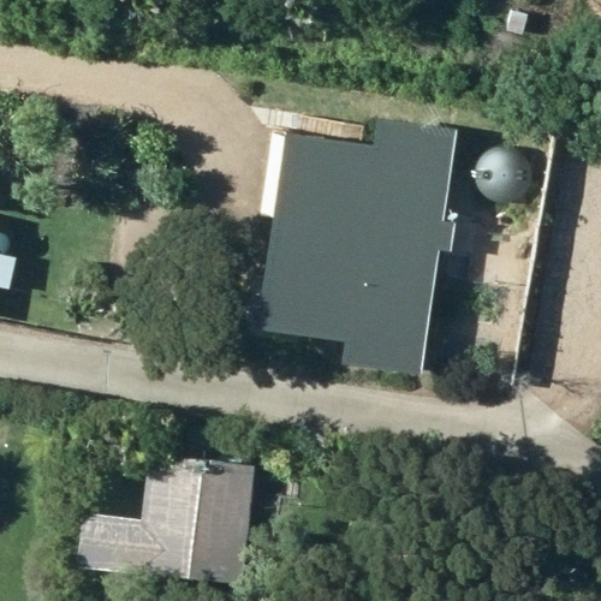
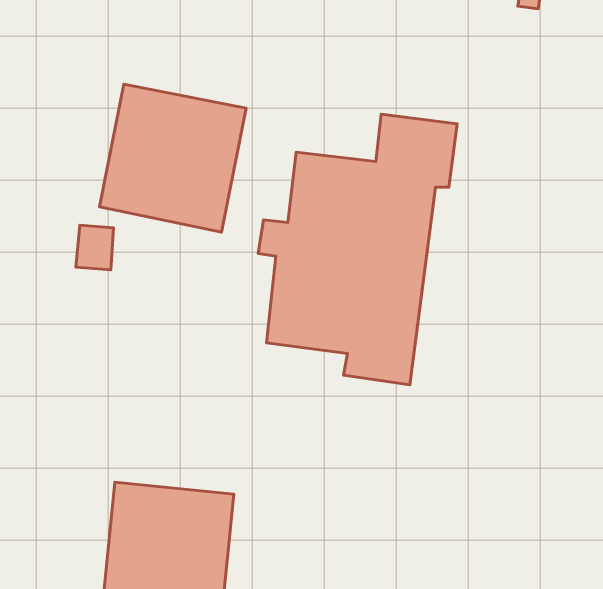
building: none -> [99,84,246,232]

